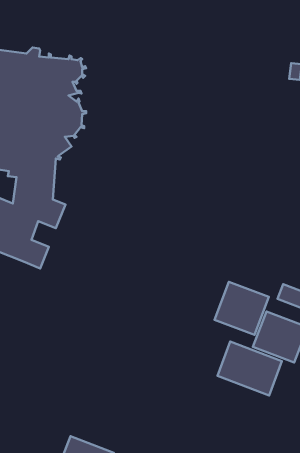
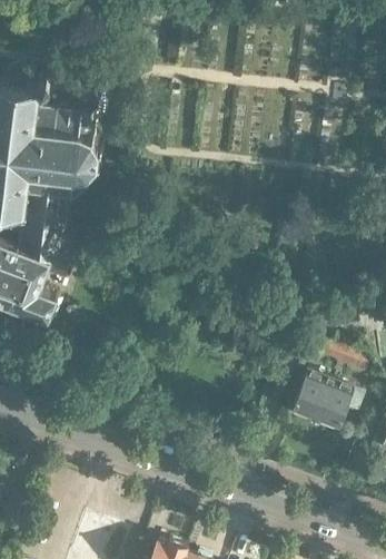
building: [214,282,269,335] -> none
building: [217,341,282,396] -> none

